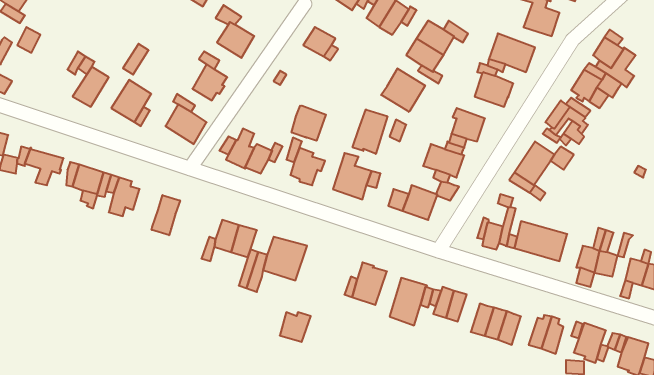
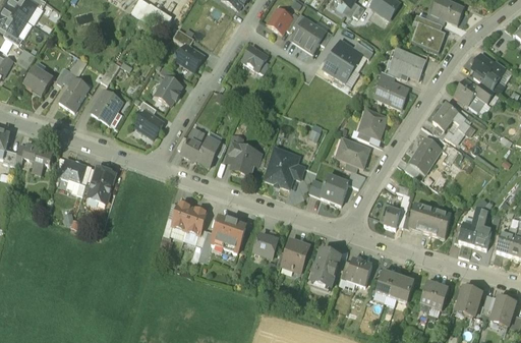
building: none -> [24,67,52,96]
building: [381,68,425,112] -> none
building: [292,106,326,141] -> none
building: [353,109,387,154] -> none
building: [152,195,180,235] -> none
building: [280,312,311,342] -> [253,229,278,252]

